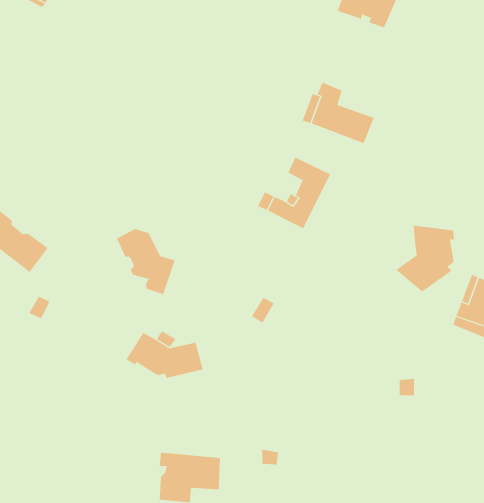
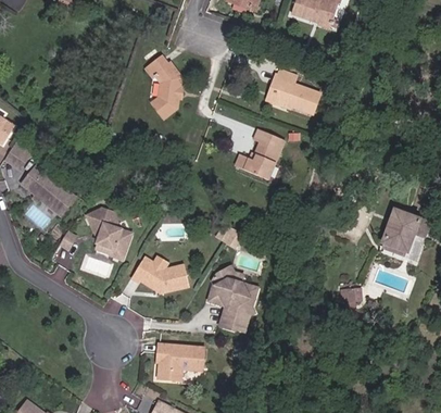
building: none -> [148,55,180,115]
building: [395,225,455,292] -> none
building: [116,228,175,295] -> [88,209,133,259]
building: none -> [204,274,252,335]

